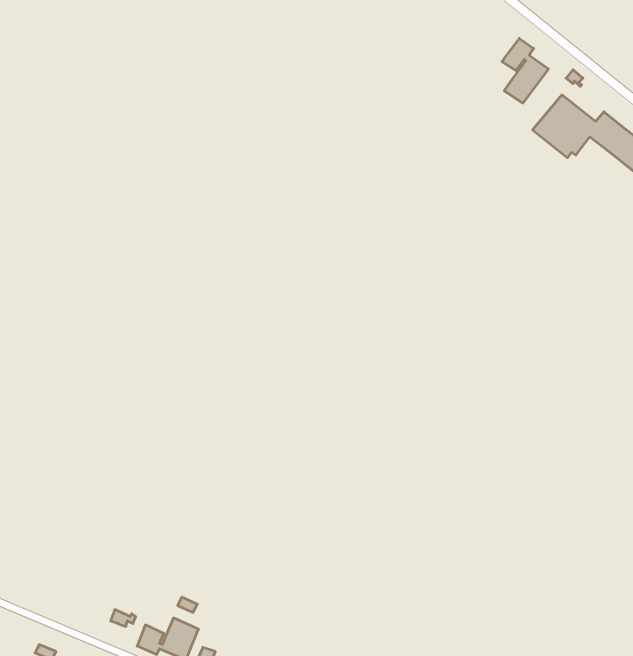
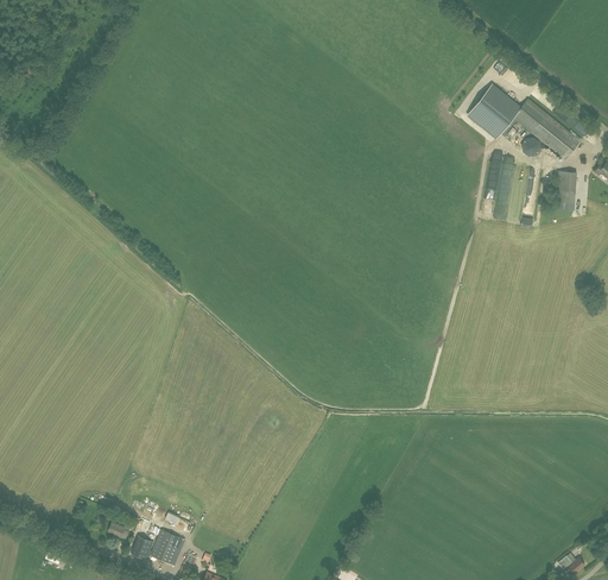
building: [502,38,548,103] -> none

